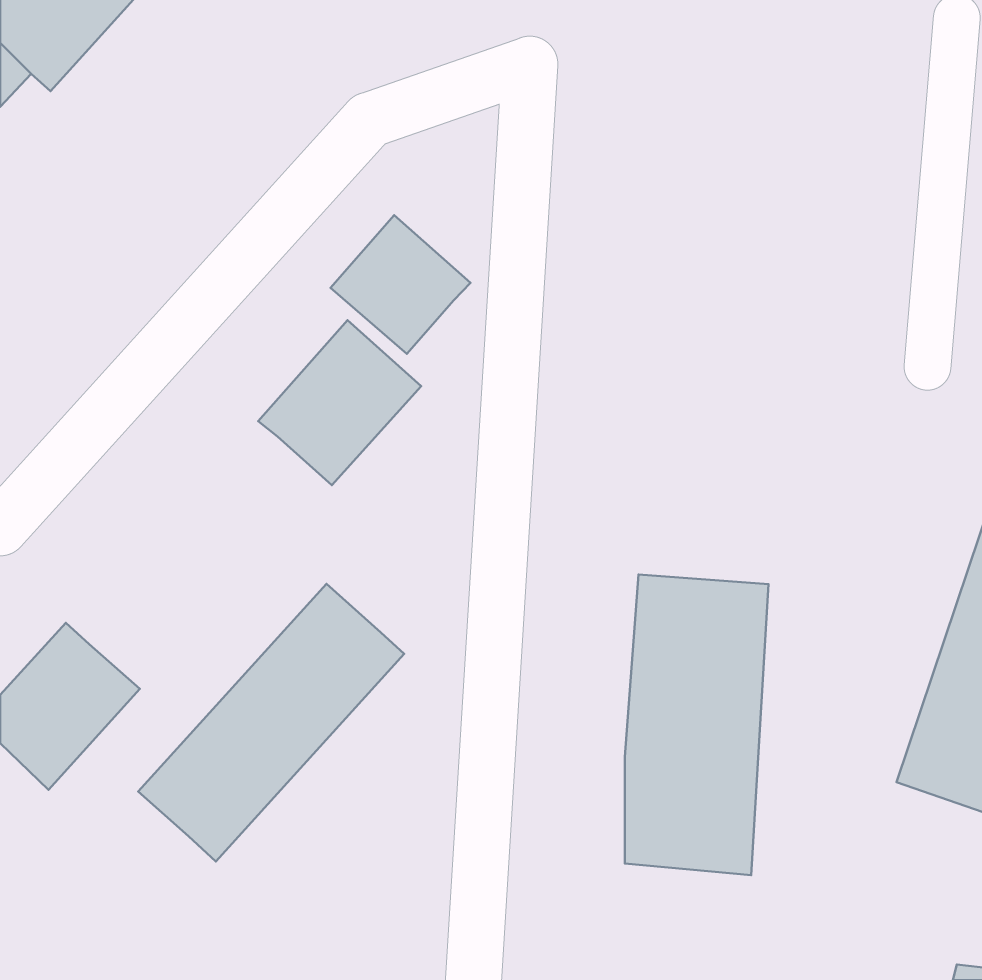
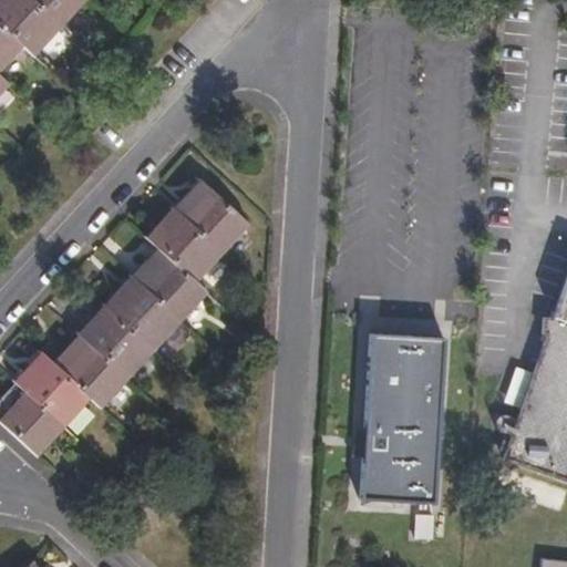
building: [330,215,471,354] -> none
building: [138,584,404,861] -> [56,249,208,408]

